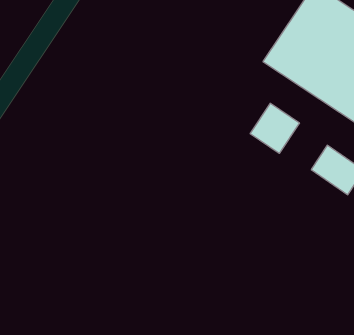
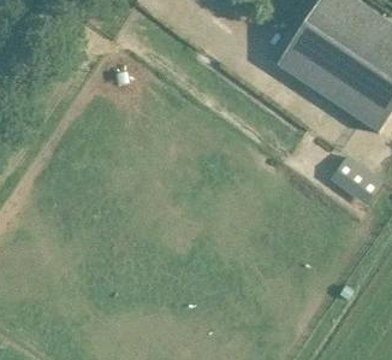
building: [250,103,299,153] -> none

